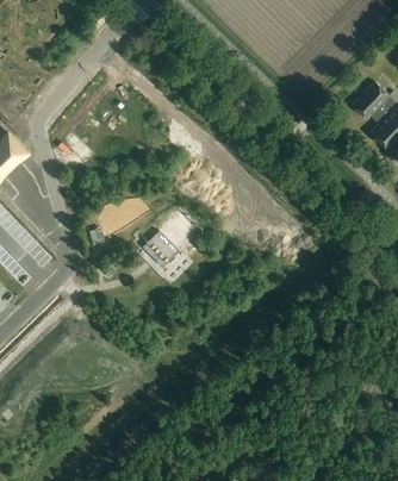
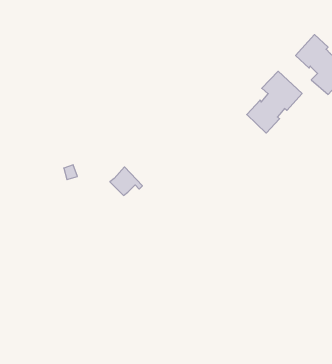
building: none -> [247,71,302,133]

